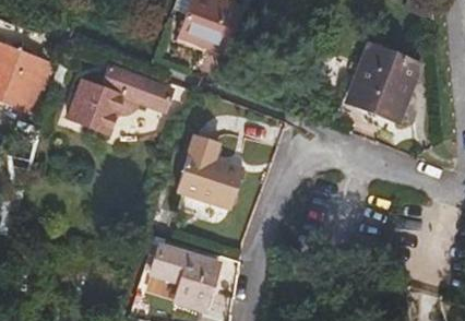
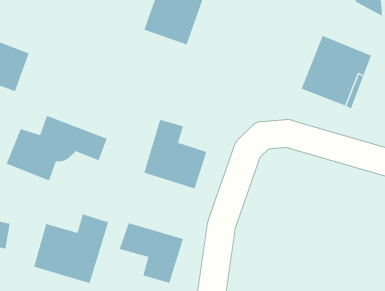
building: [64,64,174,135] -> [6,115,107,181]
building: none -> [33,213,109,284]

